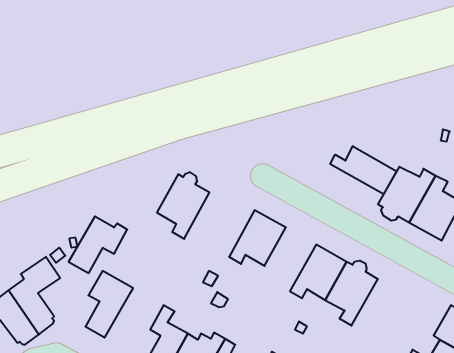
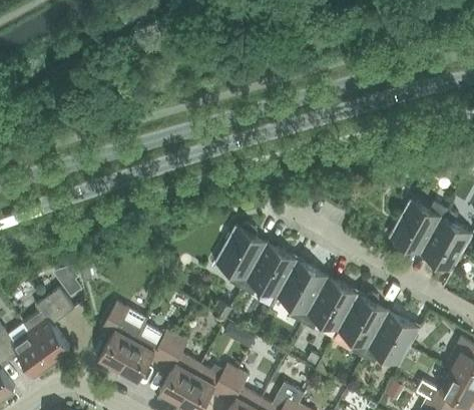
building: [330,146,397,194] -> none
building: [157,172,209,239] -> [214,223,267,289]
building: [69,216,127,273] -> [118,324,176,380]
building: none -> [277,260,328,323]
building: none -> [363,311,420,366]

